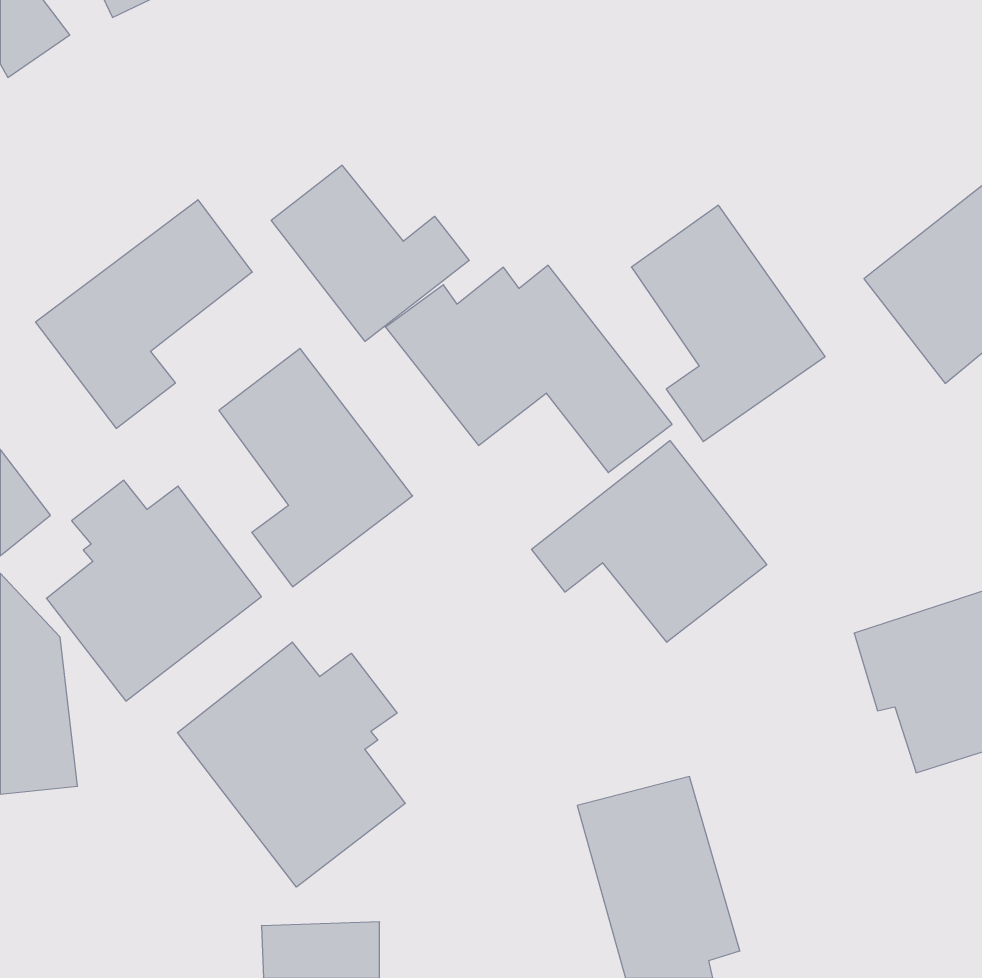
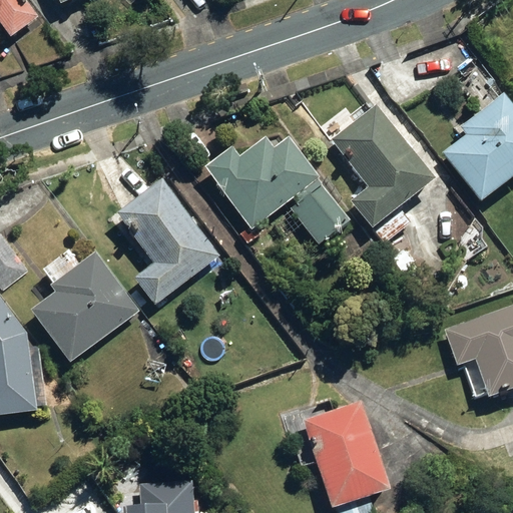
building: [271,165,469,341] -> none
building: [36,200,252,428] -> none
building: [532,441,767,642] -> none
building: [177,642,405,887] -> none

